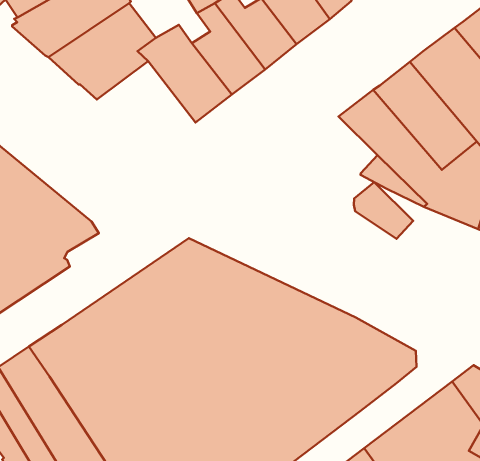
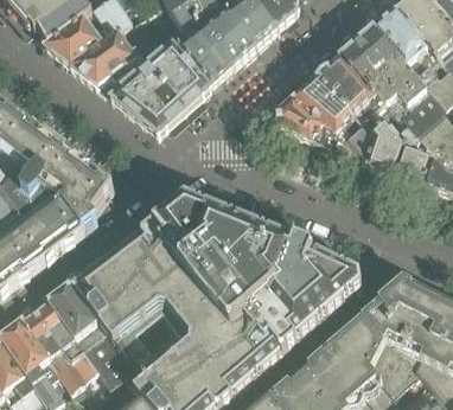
building: none -> [111,64,186,133]
building: [354,182,413,239] -> [279,97,324,139]

